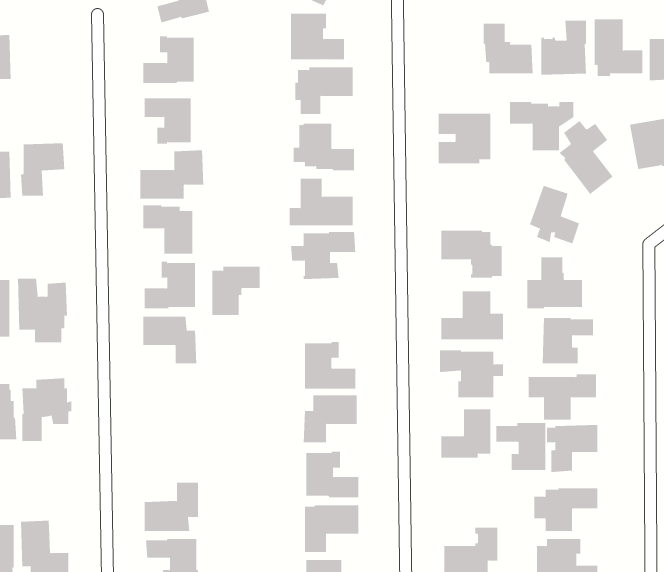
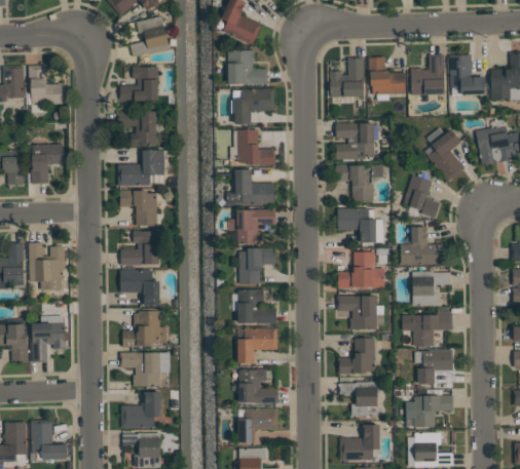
building: none -> [329,57,364,97]
building: none -> [29,66,63,113]
building: [509,102,574,151] -> [336,165,383,201]
building: [211,266,261,315] -> [239,248,275,284]
building: none -> [123,311,168,348]
building: [495,423,546,470] -> [340,382,377,417]
building: none -> [120,353,171,387]

